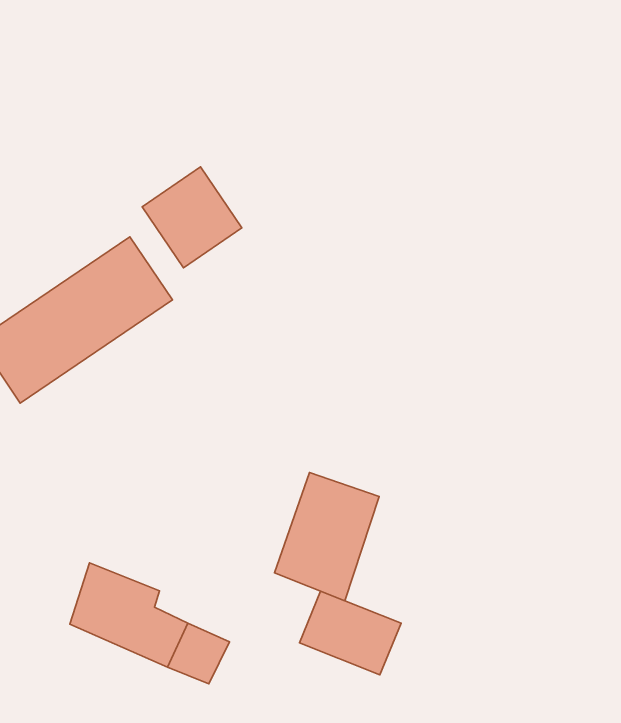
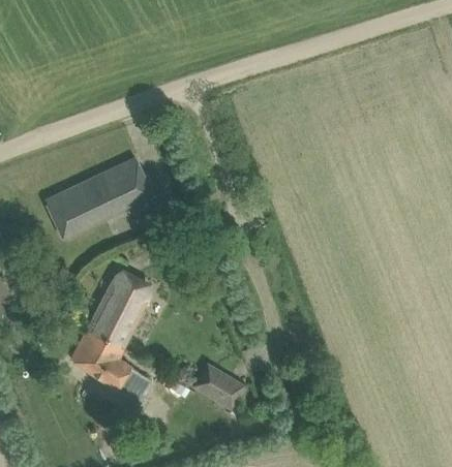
building: [142,167,242,268] -> none
building: [275,472,379,601] -> [86,277,148,348]

